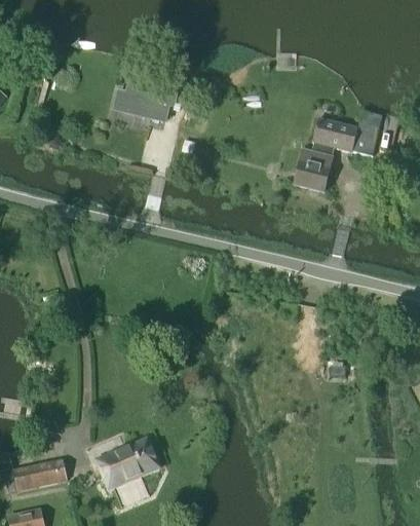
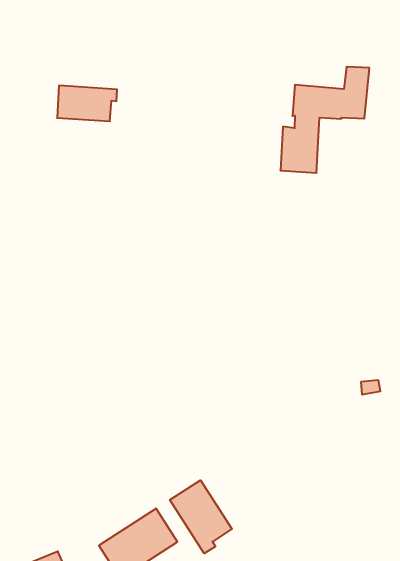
building: none -> [170,480,232,553]

